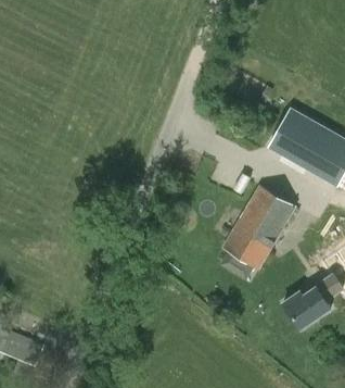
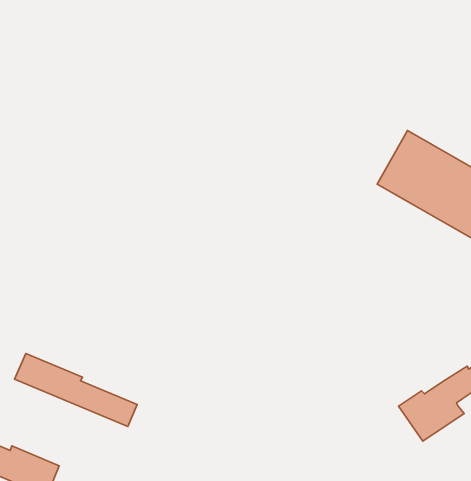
building: [222,184,297,270] -> none
building: none -> [14,353,137,427]

